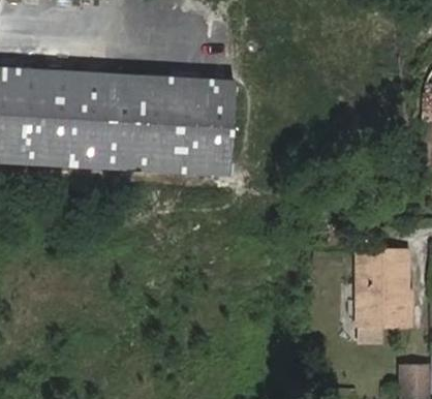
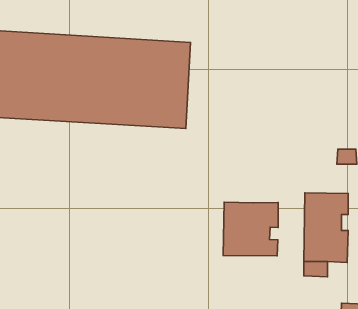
building: none -> [223,202,278,256]

